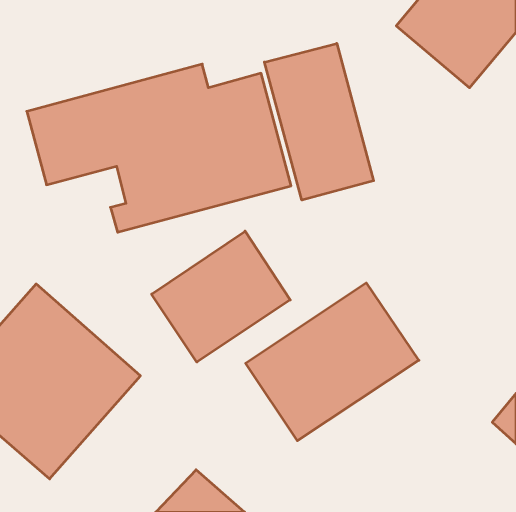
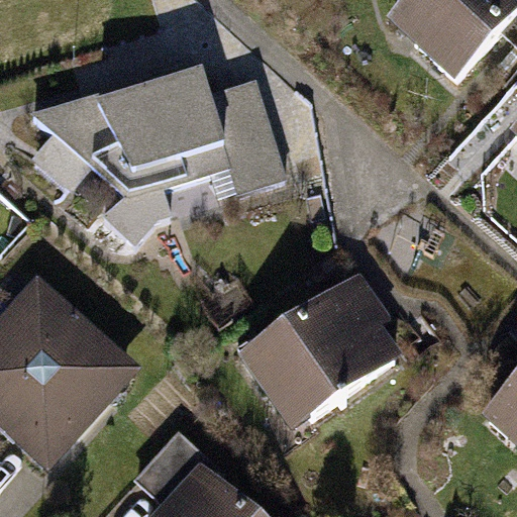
building: [264,43,374,200] -> none
building: [152,231,290,362] -> none

